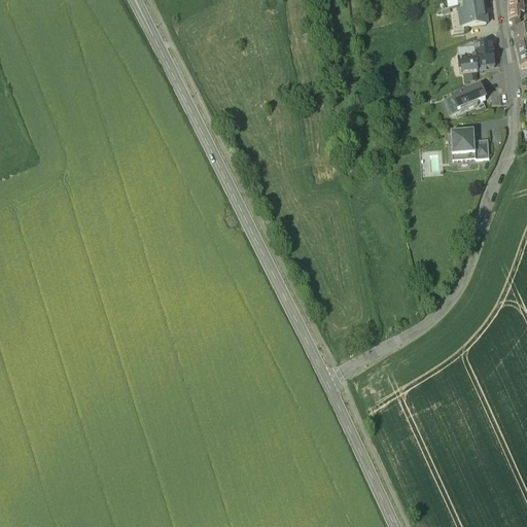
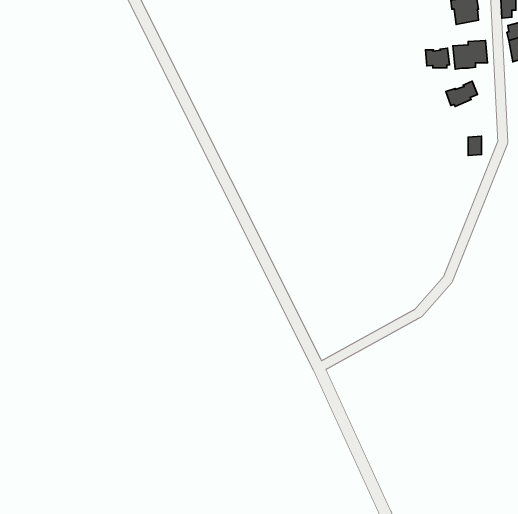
building: none -> [425,48,449,68]
building: [451,129,476,152] -> none

